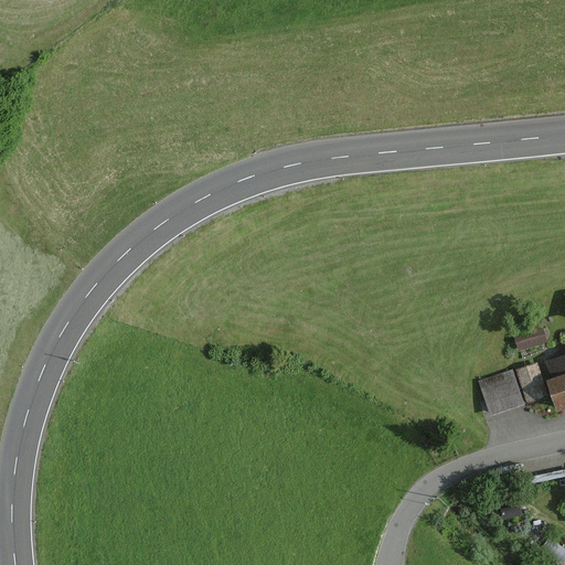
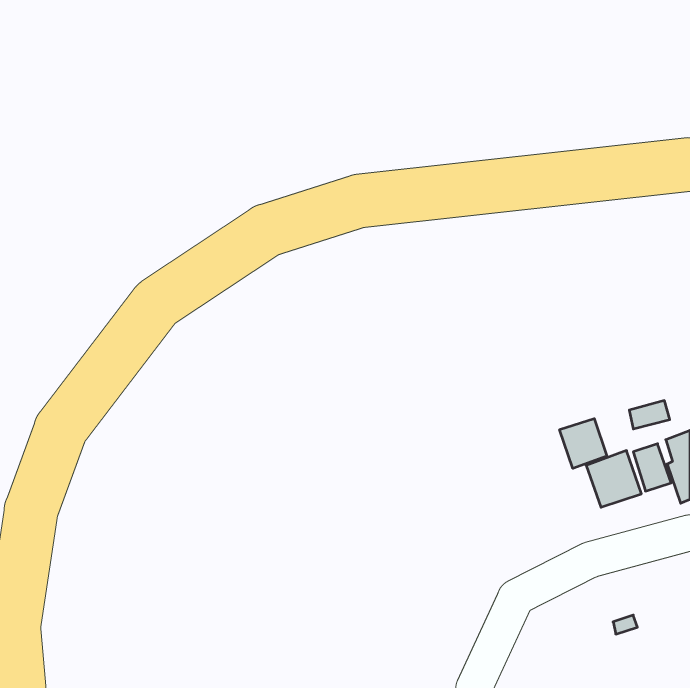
building: none -> [560,419,607,468]

